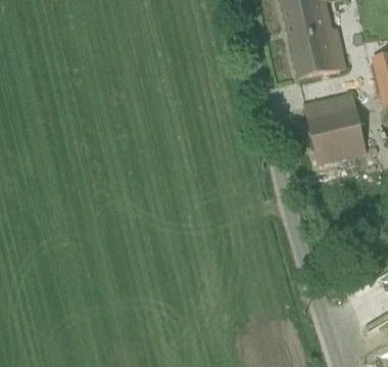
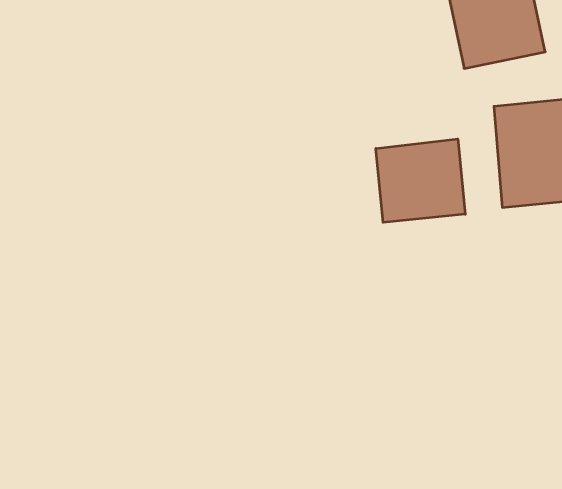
building: none -> [376,139,465,222]

